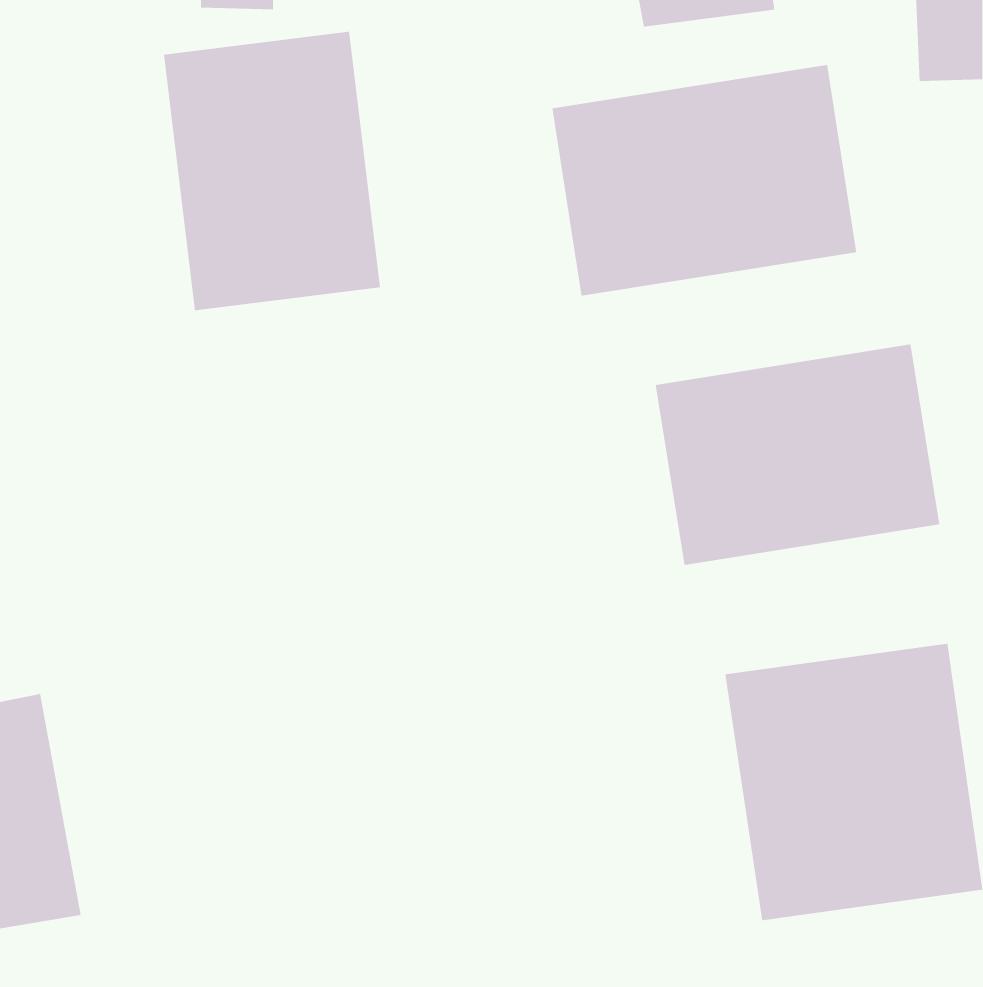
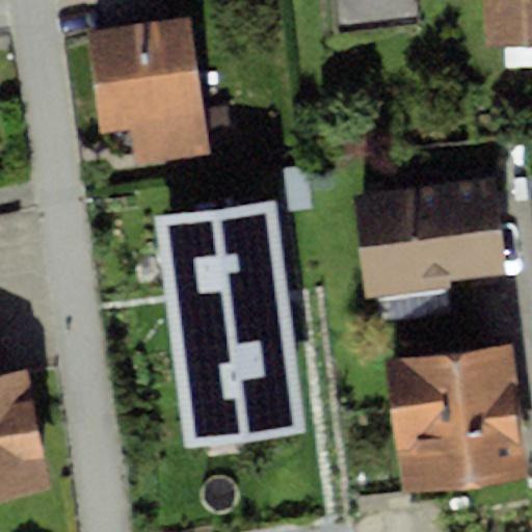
building: [552,64,857,297] -> none
building: none -> [180,204,307,410]

